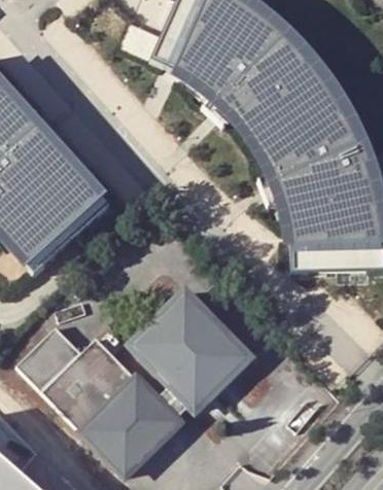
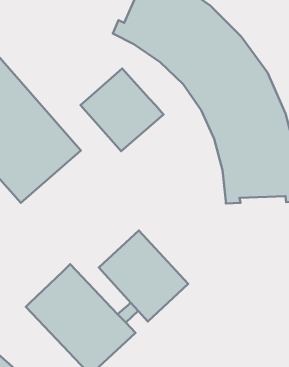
building: none -> [81,68,163,151]
building: [23,327,88,392] -> none

